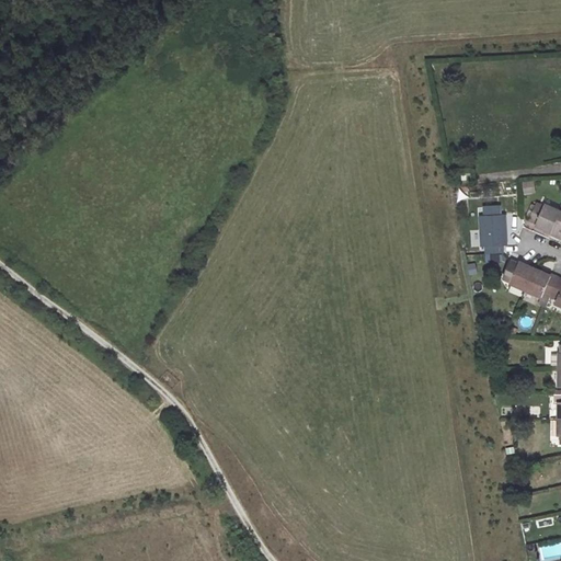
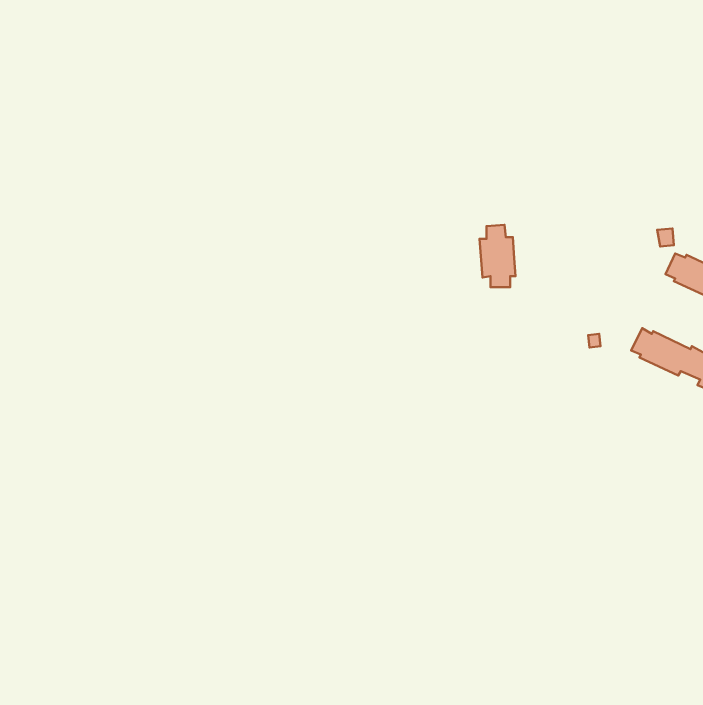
building: [479,204,507,253] -> [480,225,516,287]

